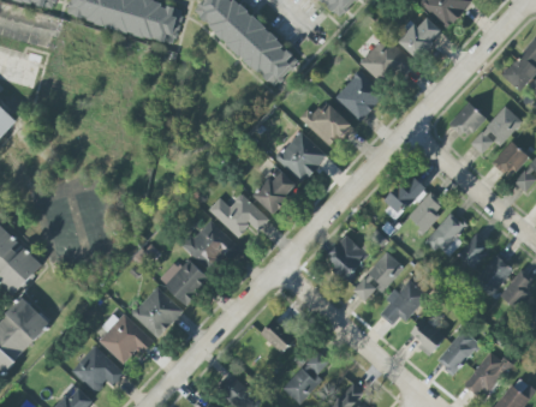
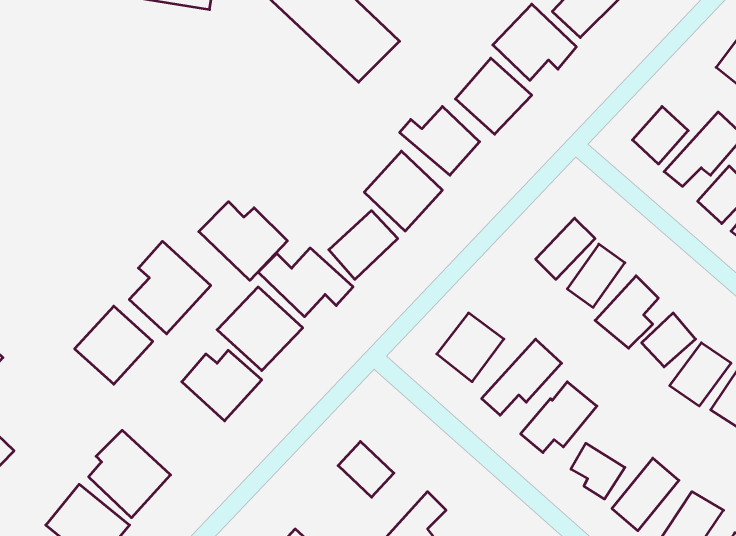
building: none -> [199,202,287,280]
building: none -> [129,241,211,334]
building: [131,286,181,336] -> [75,306,153,384]

